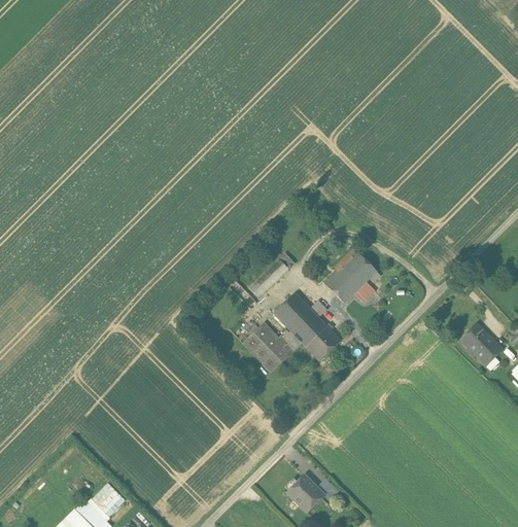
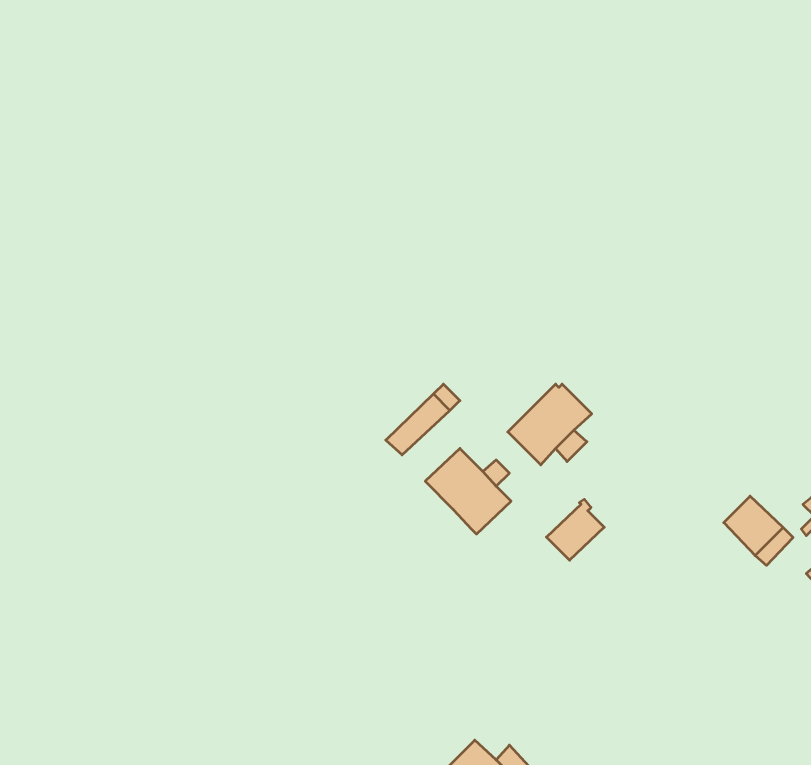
building: [241,323,301,373] -> none
building: [304,323,340,361] -> [546,499,604,560]

